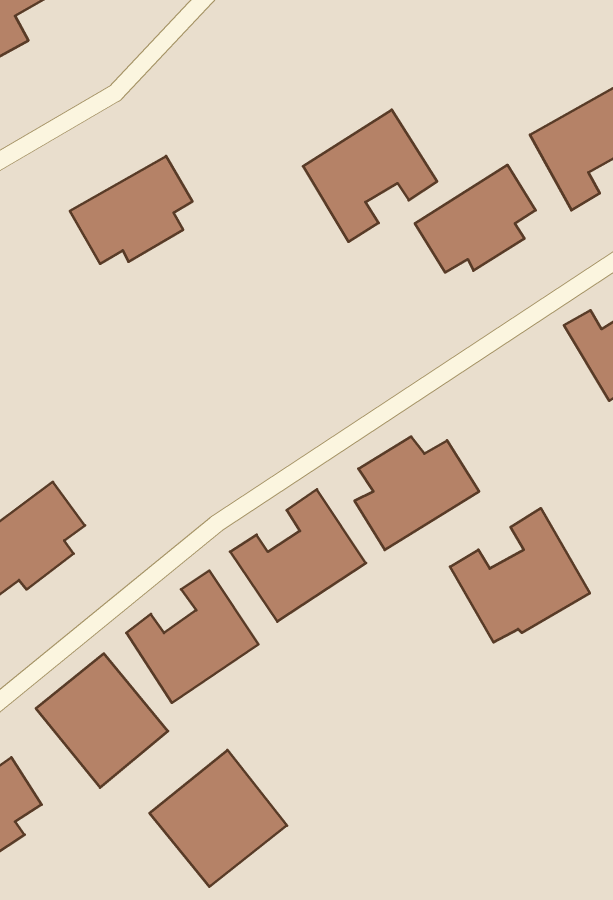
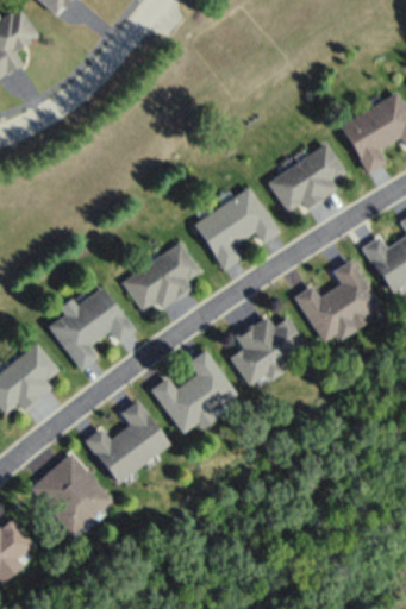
building: [303,110,437,242] -> [193,187,277,270]
building: [70,156,192,264] -> [121,244,199,312]
building: none -> [49,288,133,370]
building: [450,508,590,642] -> [293,258,381,343]
building: [150,750,287,887] -> none

